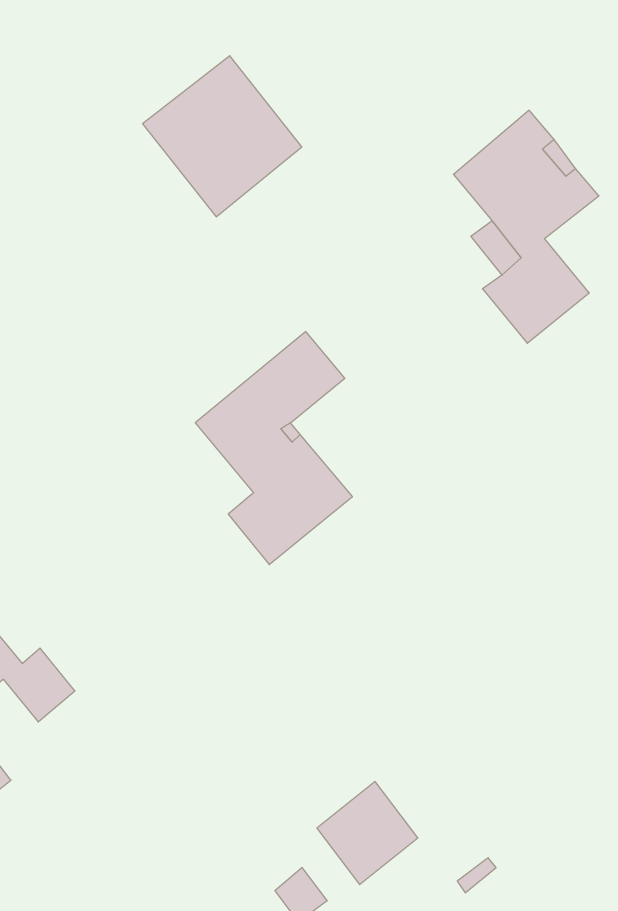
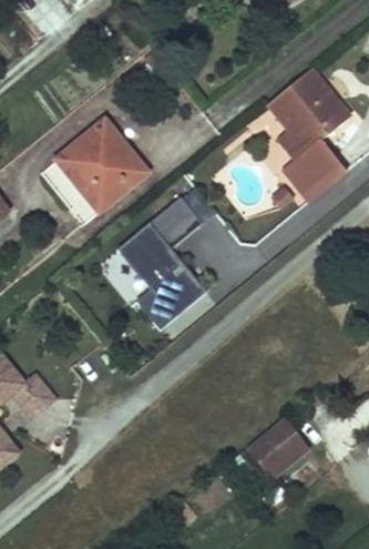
building: [143,56,302,217] -> [55,121,146,213]
building: [317,782,418,885] -> [249,417,307,476]

